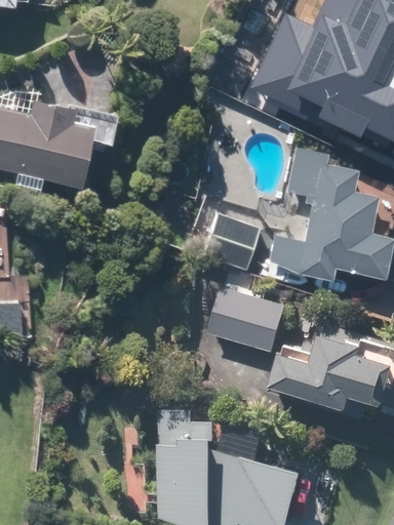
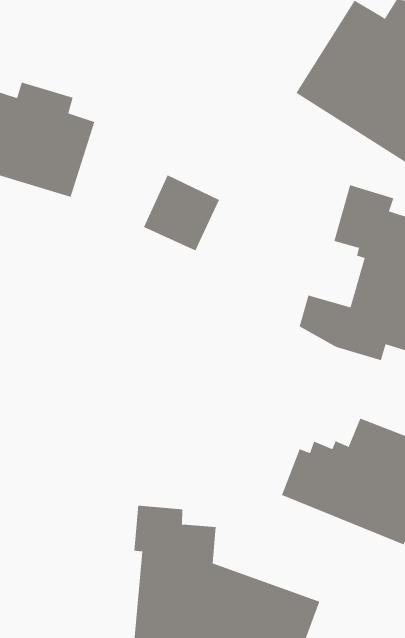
building: [204,215,260,271] -> [143,175,220,251]
building: [211,287,289,353] -> none

